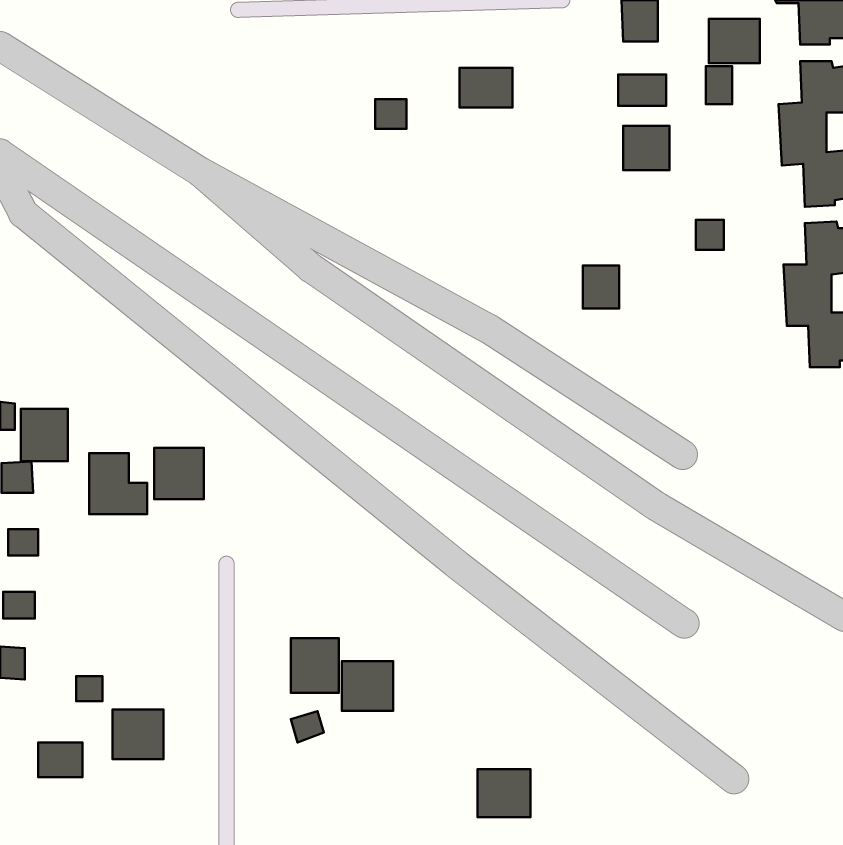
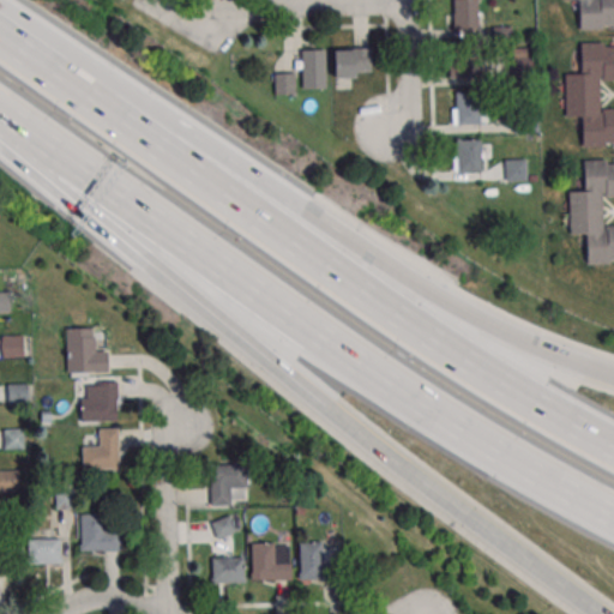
building: [709,19,760,63] -> none
building: none -> [302,49,326,89]
building: [583,265,619,308] -> [455,140,481,171]
building: [21,409,68,461] -> none
building: [154,448,204,499] -> [82,384,118,421]
building: none -> [83,429,119,469]
building: [342,661,393,711] -> [253,544,290,580]
building: none -> [212,558,246,583]
building: [477,769,530,817] -> [300,543,338,578]

